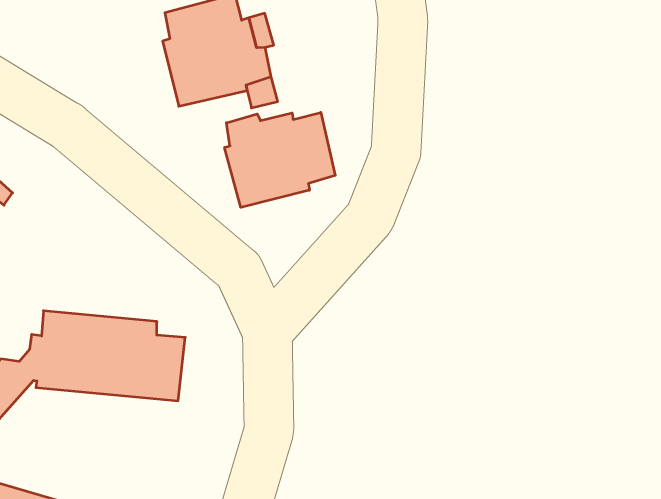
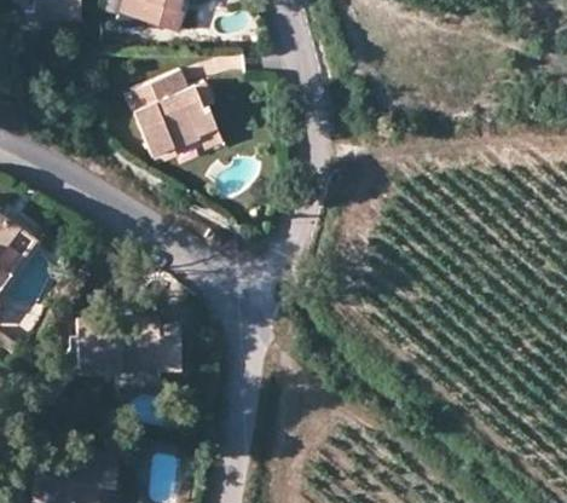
building: [225,112,335,207] -> none

